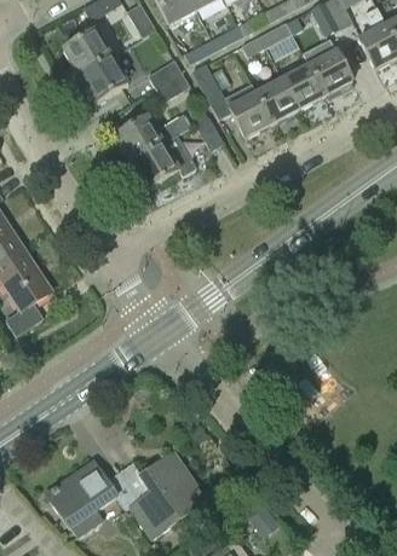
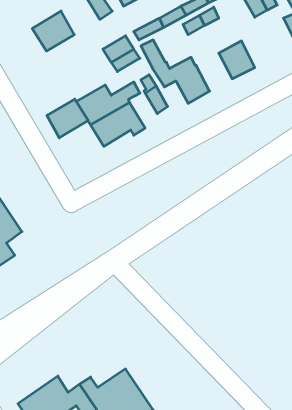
building: [310,51,352,95] -> none
building: [80,57,128,103] -> [47,99,88,138]
building: [257,79,299,123] -> none

